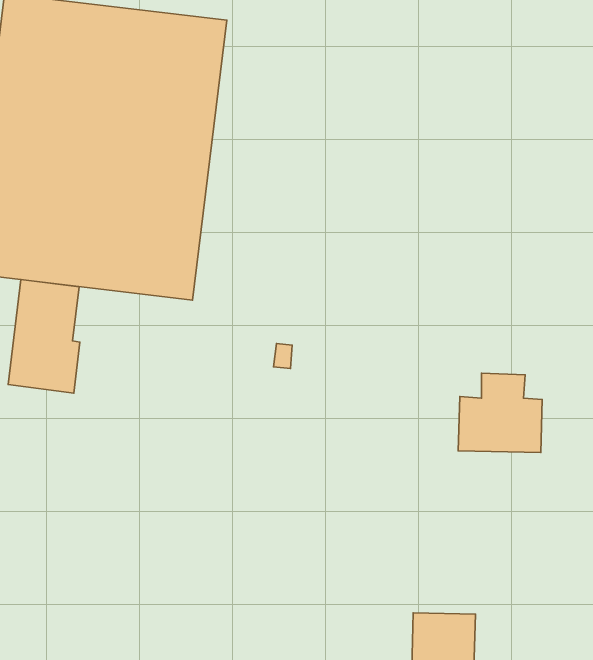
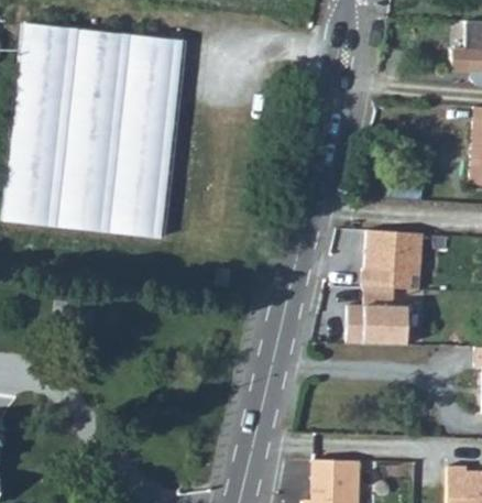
building: [8,280,80,393] -> none
building: none -> [364,231,424,292]

